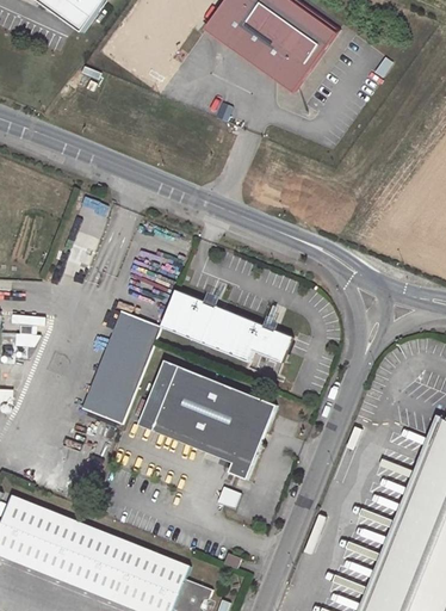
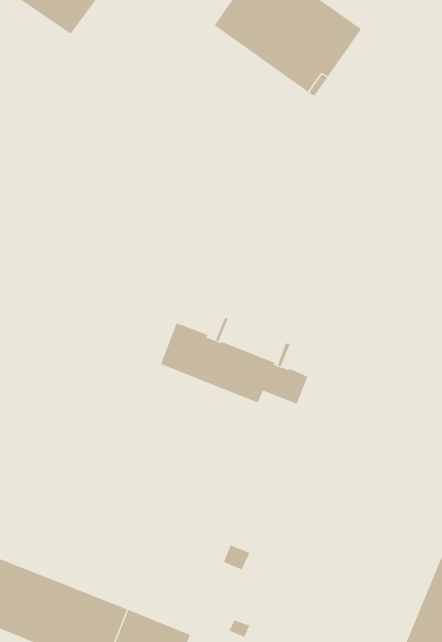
building: [81,310,156,424] -> none
building: [141,360,275,480] -> none

